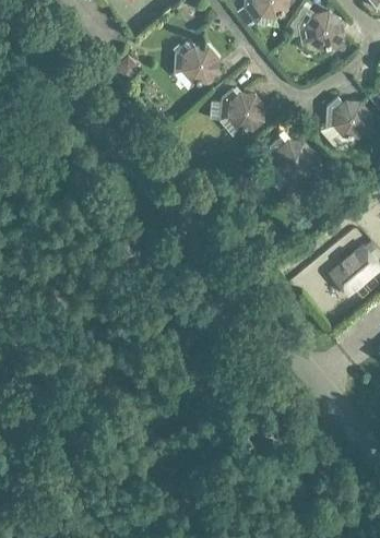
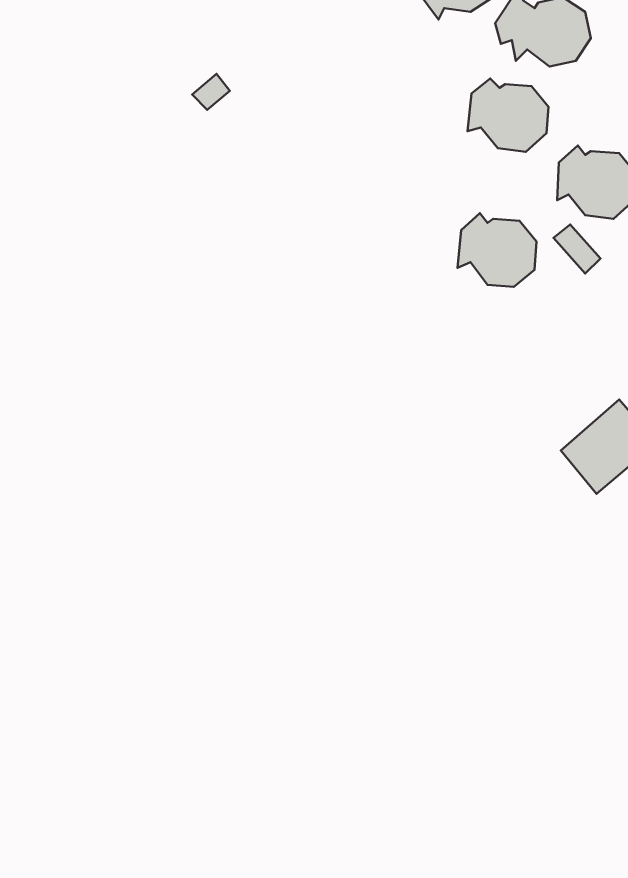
building: [174,41,219,83] -> none
building: [218,88,265,131] -> [468,79,549,152]

